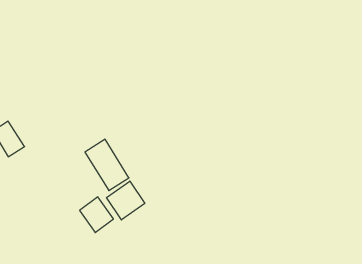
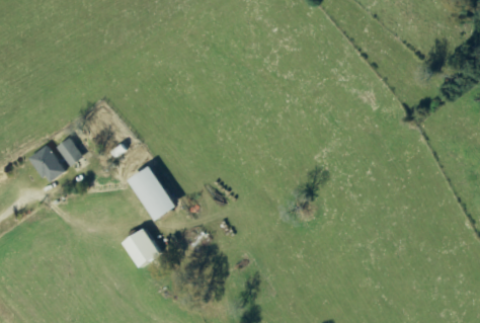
building: none -> [55,138,82,167]
building: [107,181,145,220] -> none

